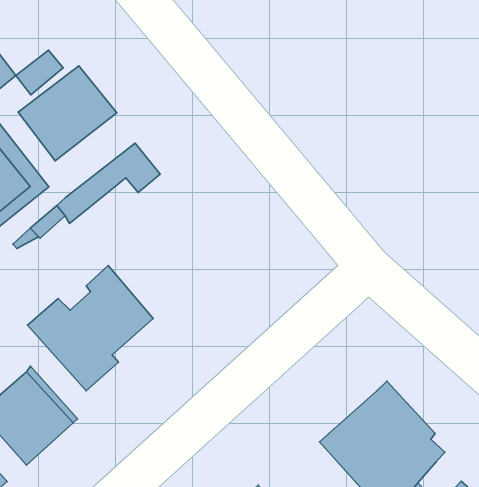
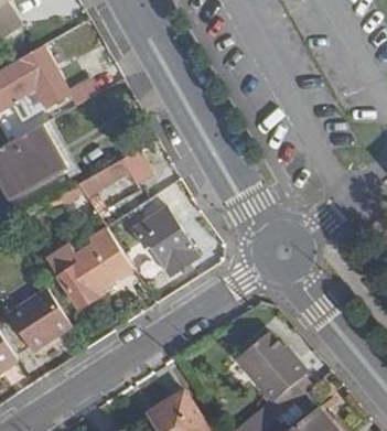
building: [18,66,117,161] -> none
building: none -> [132,207,196,274]

